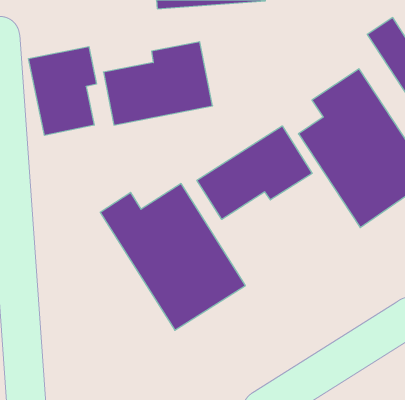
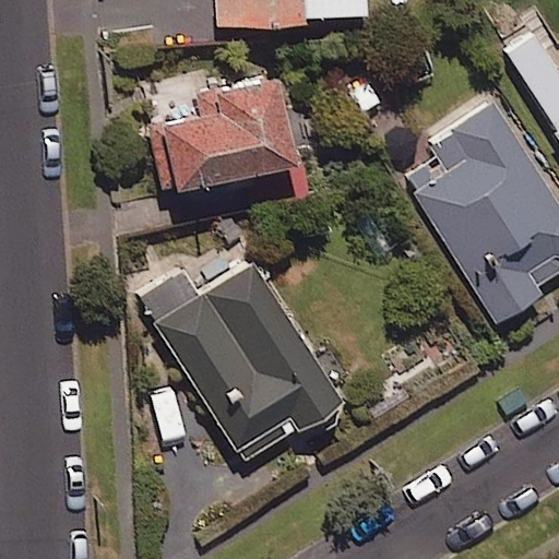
building: [29,47,96,135] -> none
building: [197,126,312,219] -> none

